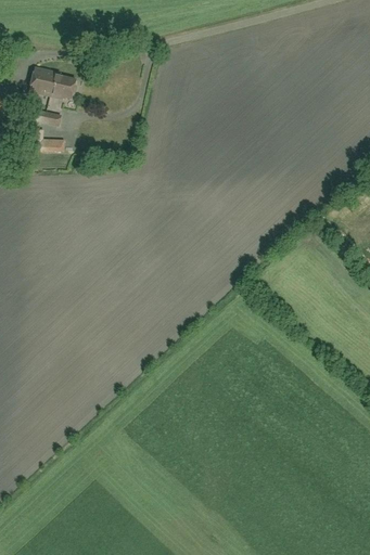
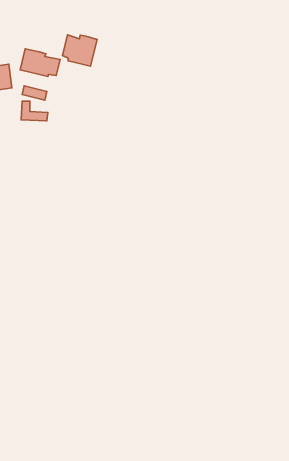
building: none -> [63,35,97,66]

